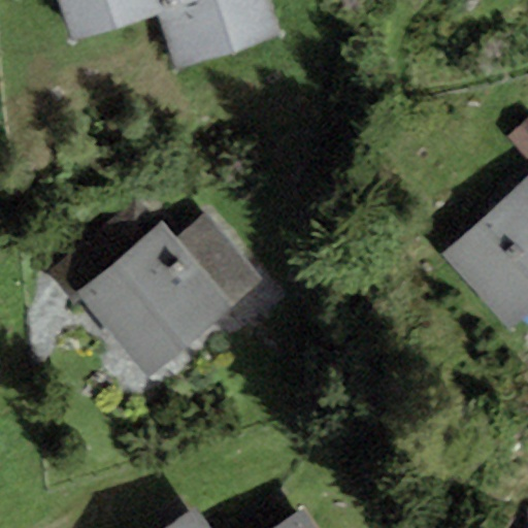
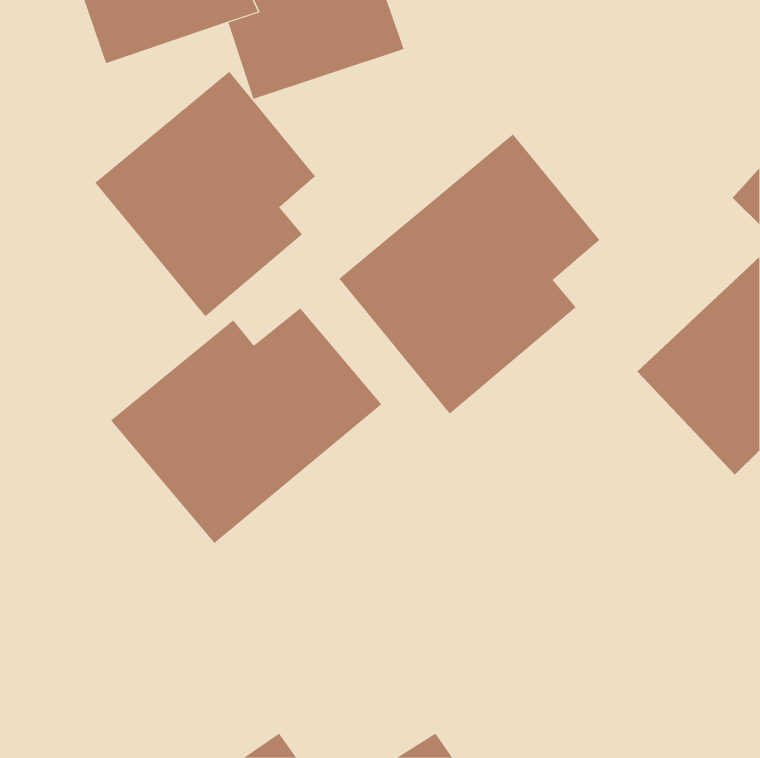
building: none -> [95,71,316,317]
building: none -> [338,133,600,414]

